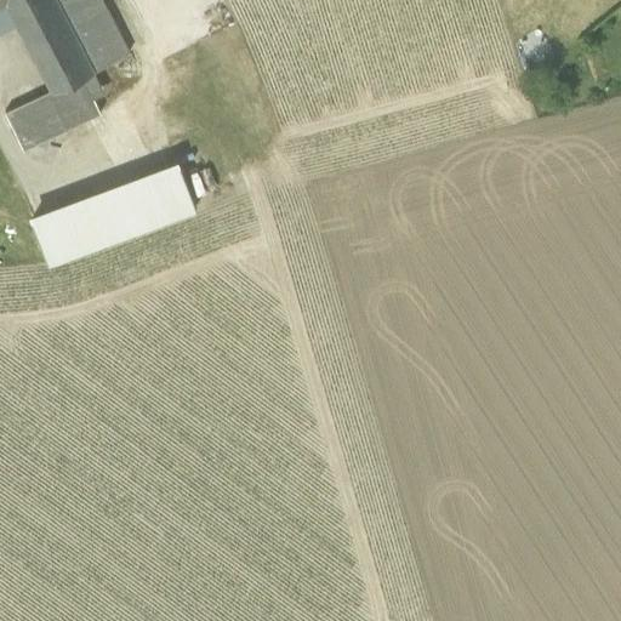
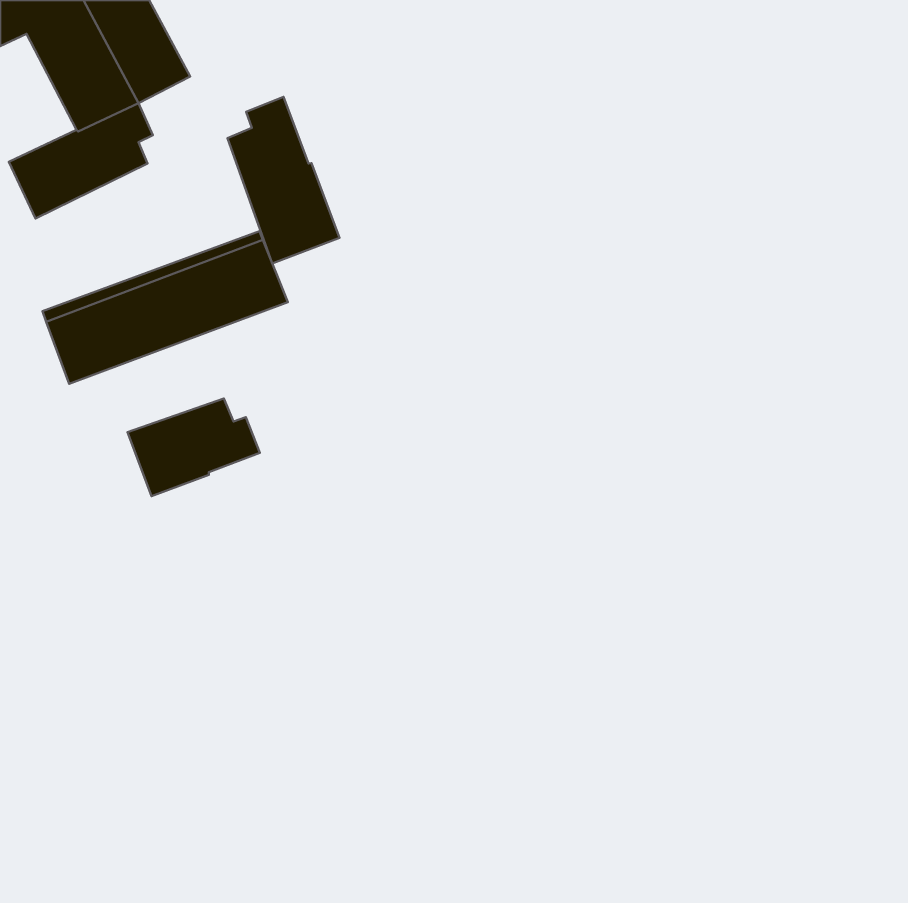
building: none -> [227,97,340,263]
building: none -> [128,398,260,496]

